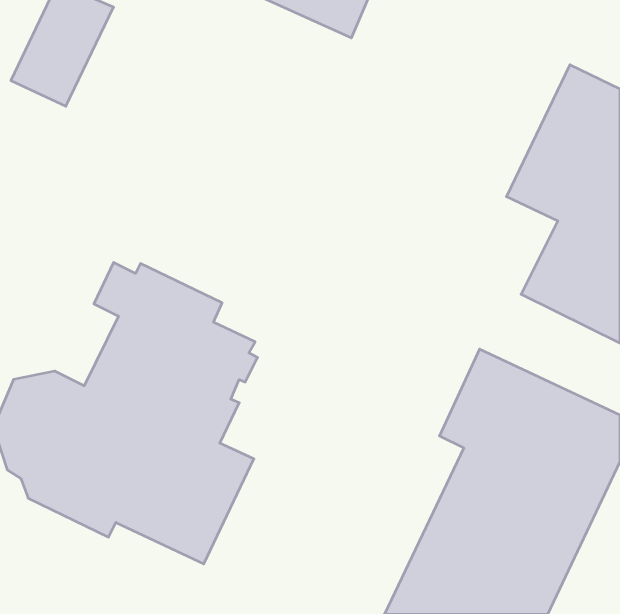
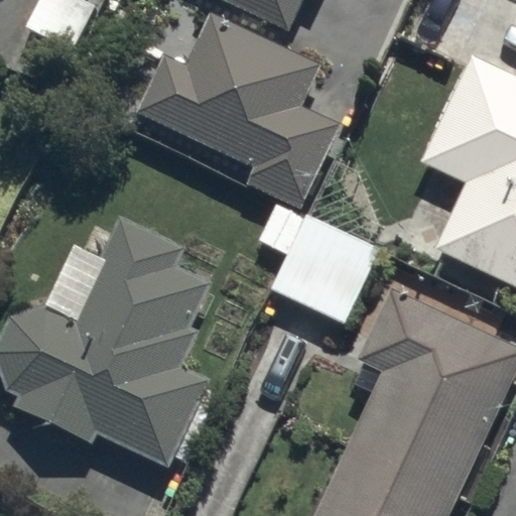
building: none -> [136,17,339,209]
building: none -> [272,215,379,322]

